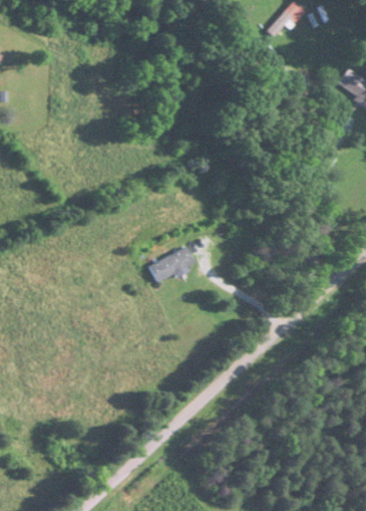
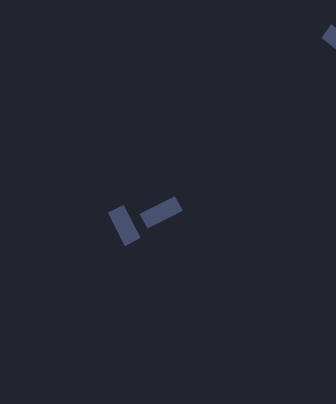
building: none -> [107,204,142,247]

